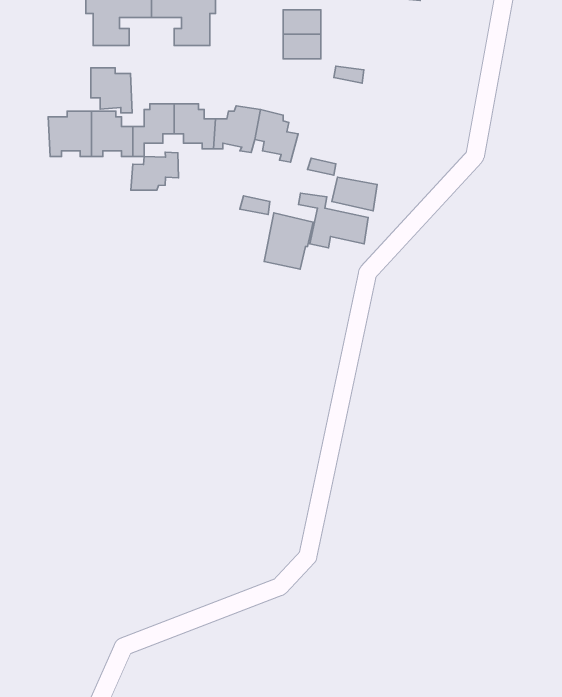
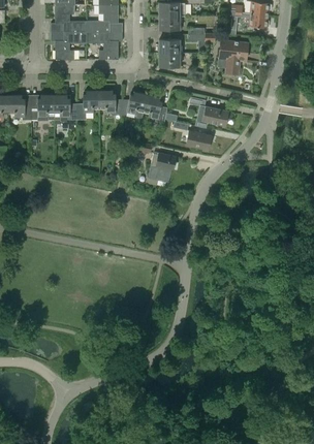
building: none -> [219,40,247,74]
building: [91,68,132,113] -> [8,95,31,120]
building: [131,152,178,190] -> none
building: [299,193,368,248] -> [189,98,227,128]

